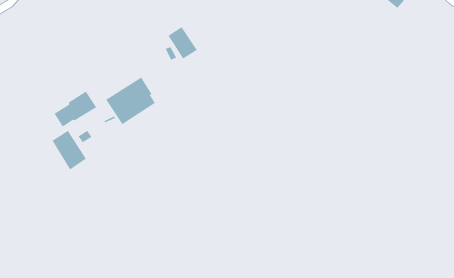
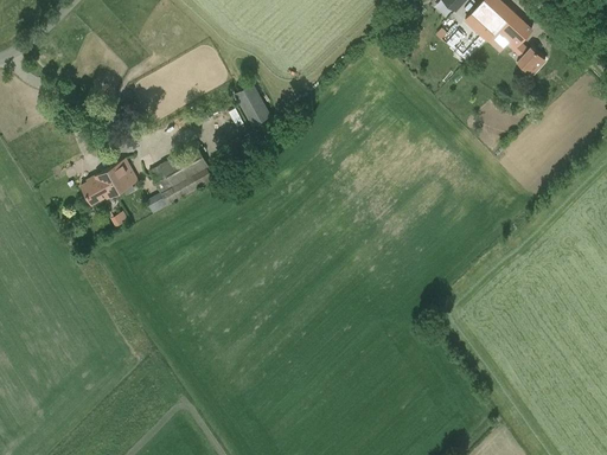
building: [51,130,87,171] -> none

